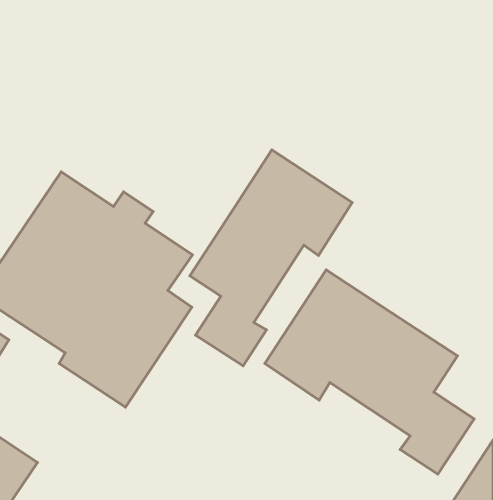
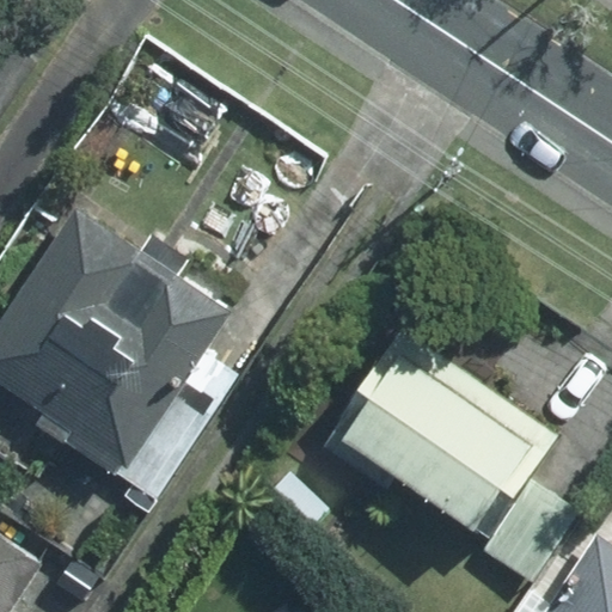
building: [190,150,352,366] -> none

